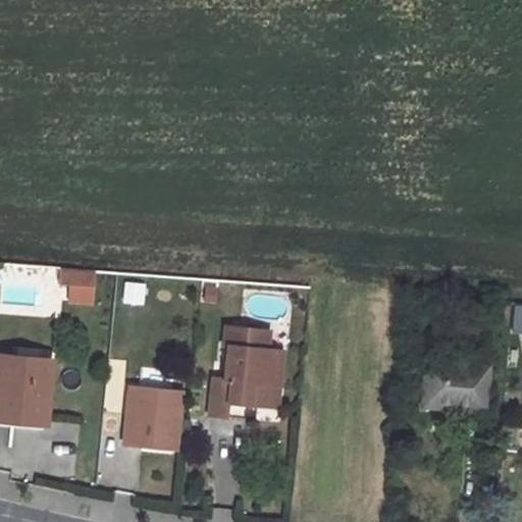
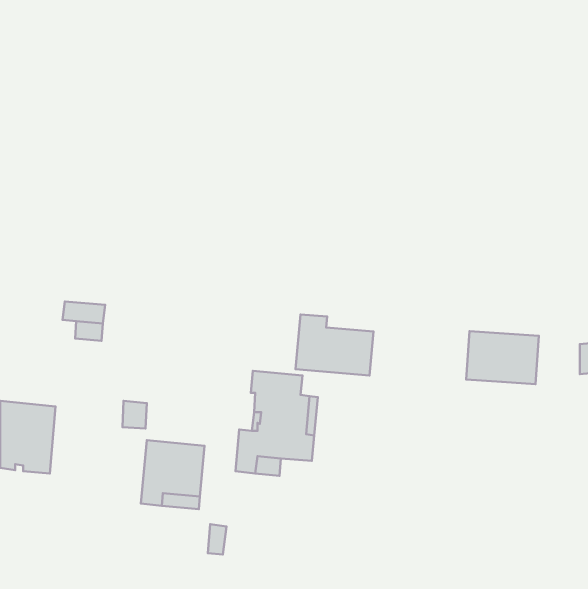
building: none -> [295,314,373,375]
building: [422,361,486,408] -> [466,331,539,384]

